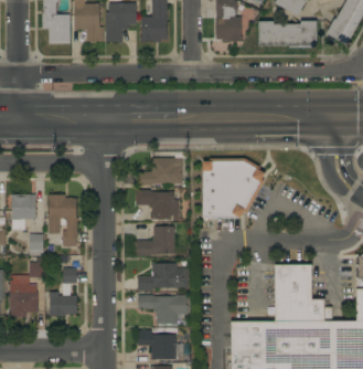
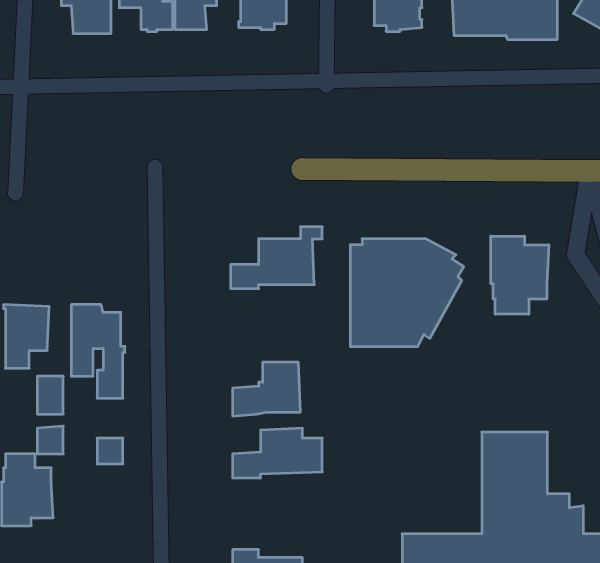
building: none -> [491,236,549,314]
building: [136,190,180,220] -> none
building: [50,292,77,316] -> none
building: [138,295,188,324] -> none

